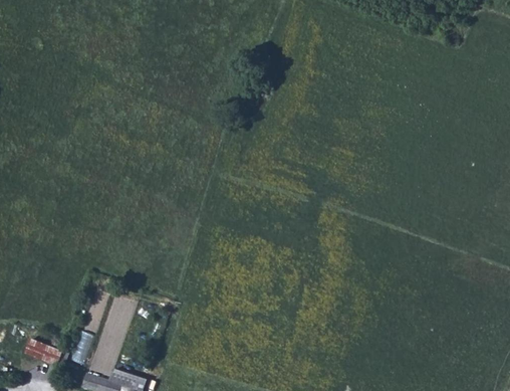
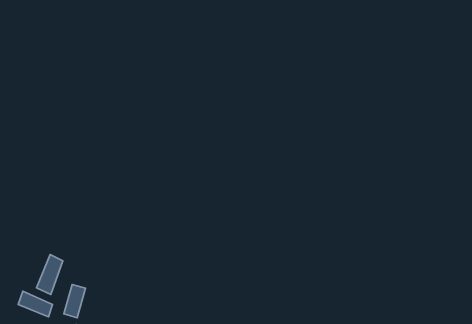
building: none -> [36,254,63,294]

